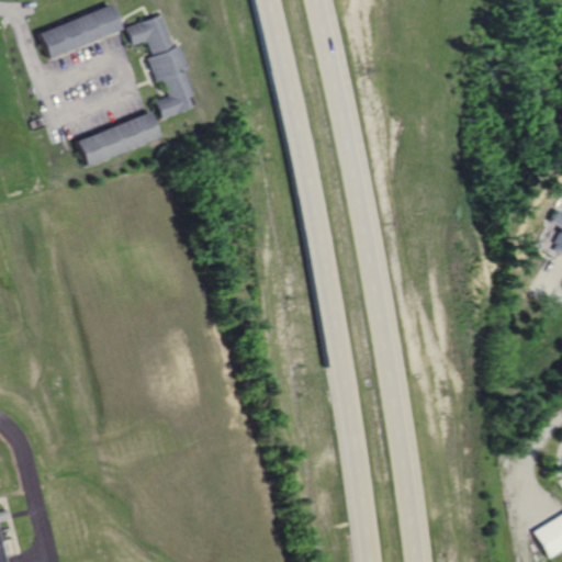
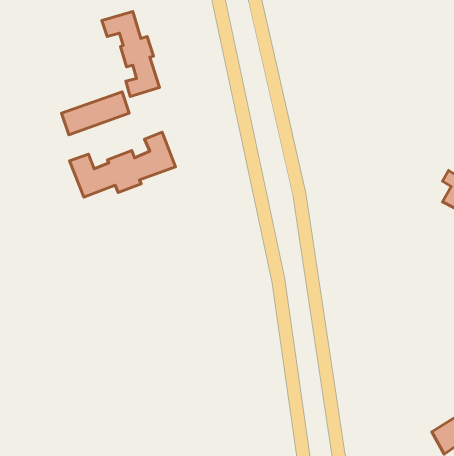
building: [40,7,123,56] -> none
building: none -> [69,132,175,197]

